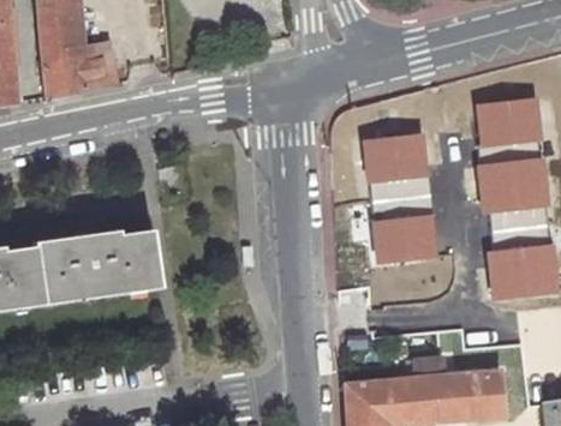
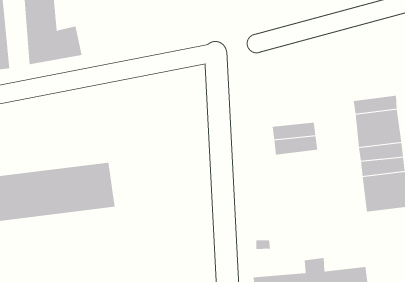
building: [475,98,538,148] -> none
building: [364,133,428,182] -> none
building: [375,214,437,263] -> none

